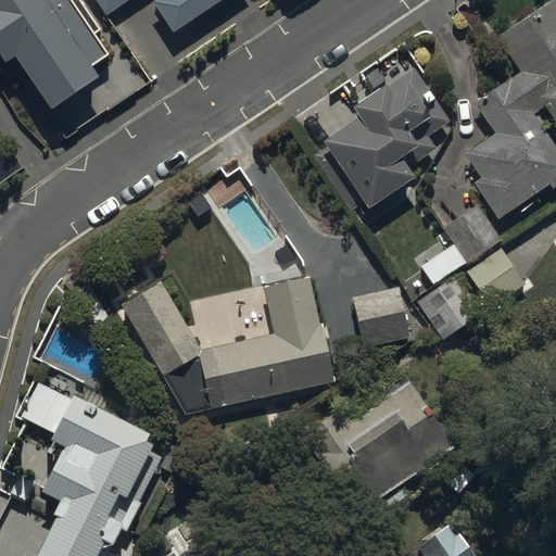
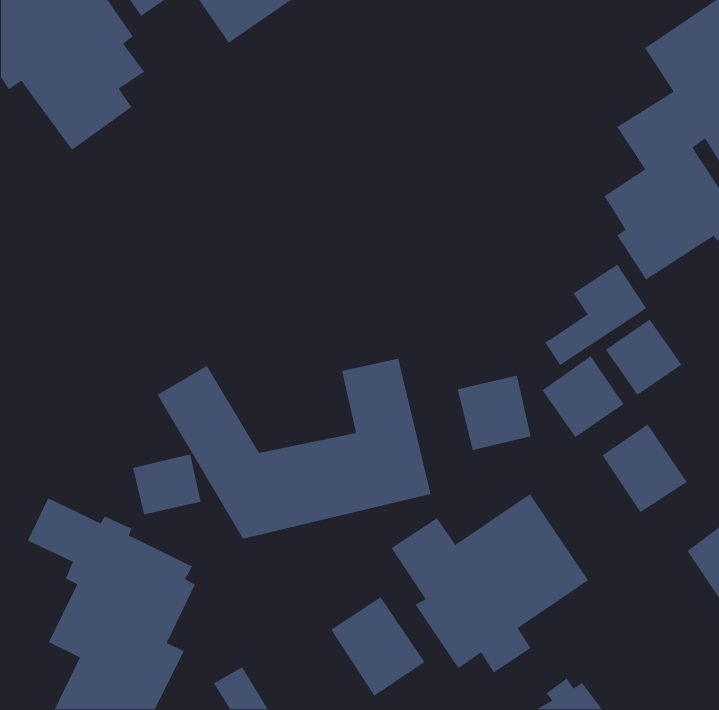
building: [314,68,450,214] -> none
building: none -> [601,424,688,513]
building: none -> [132,453,201,515]
building: none -> [330,596,426,697]

